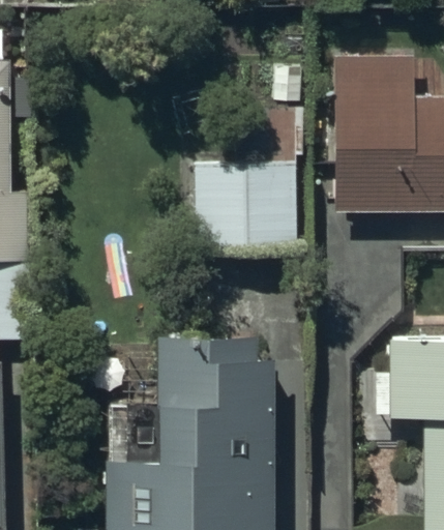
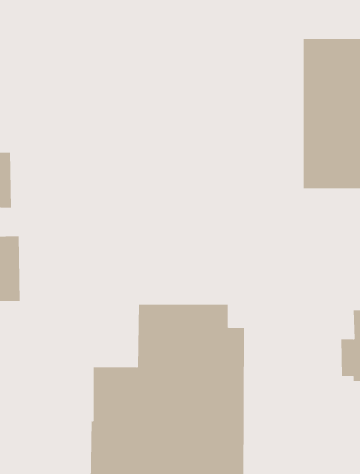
building: [195,108,306,255] -> none

